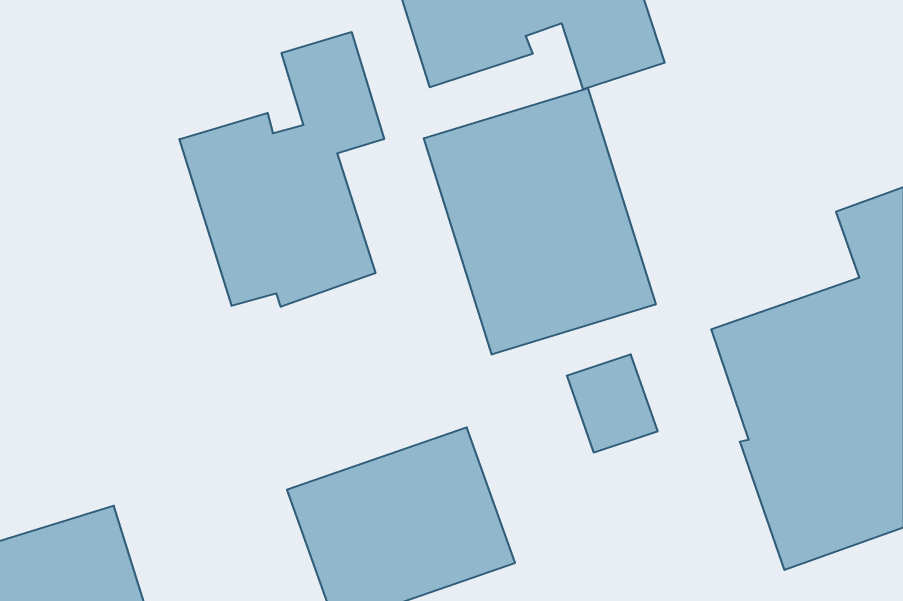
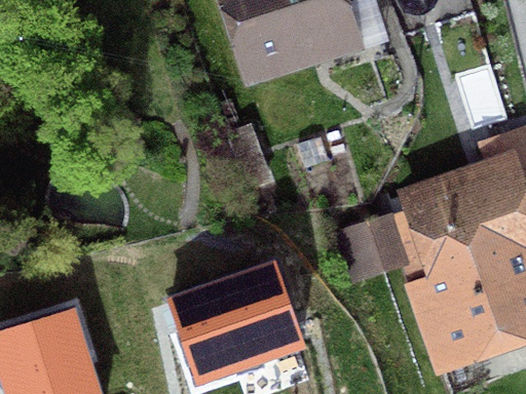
building: [179,32,384,307] -> none
building: [424,88,656,355] -> none

